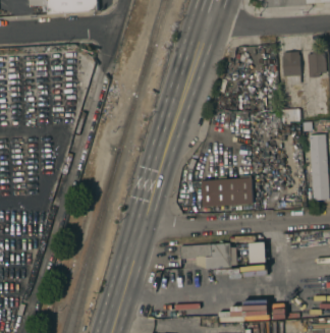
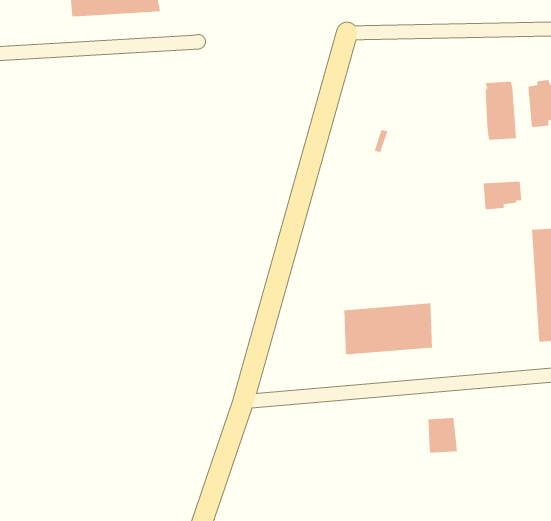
building: [180,243,237,268] -> none

